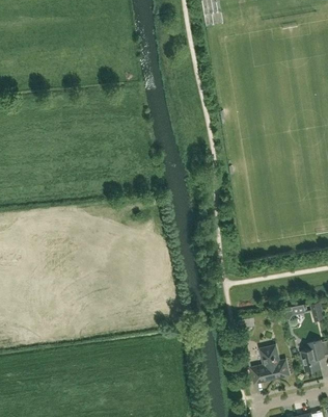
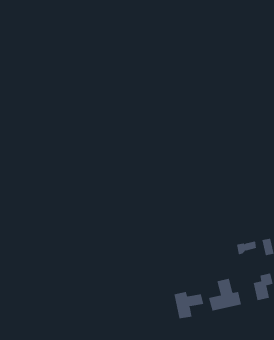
building: none -> [174,291,204,319]

